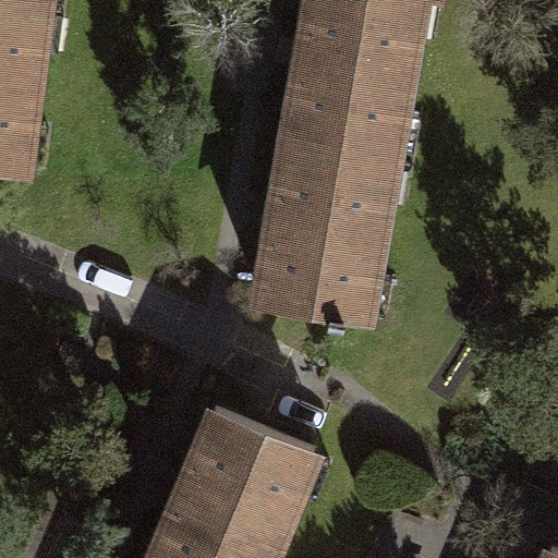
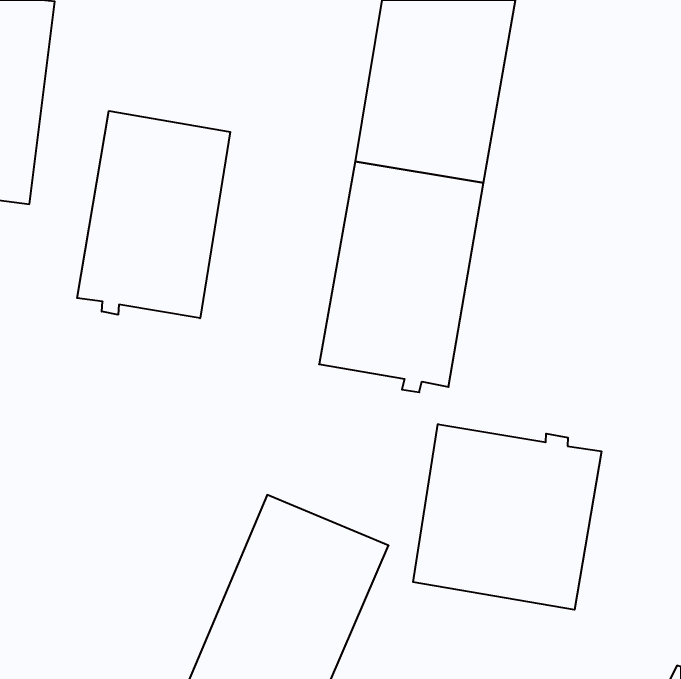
building: none -> [77,111,230,318]
building: none -> [413,424,601,610]

